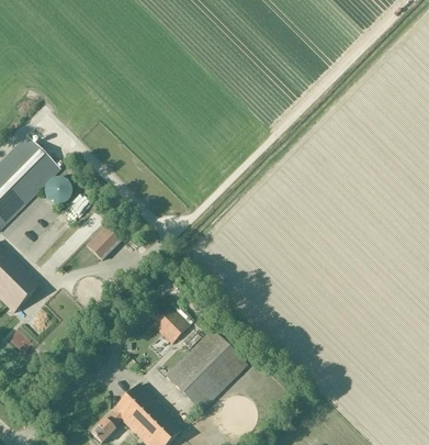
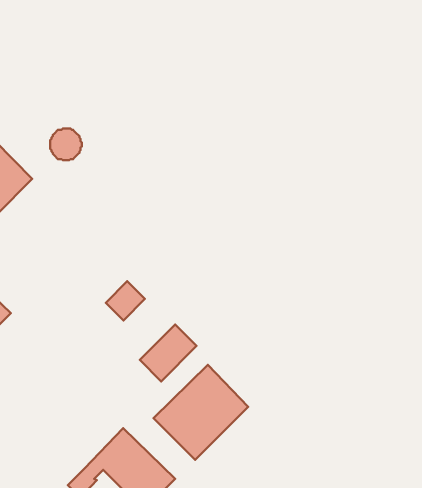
building: [45,178,72,205] -> [50,129,82,160]
building: [86,225,120,259] -> [106,281,145,320]

